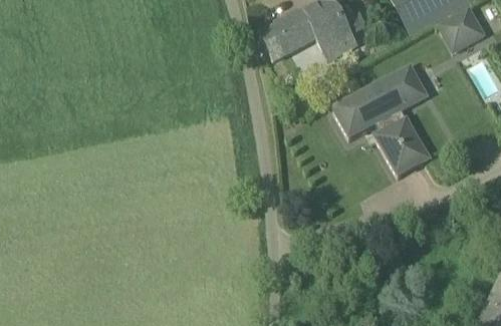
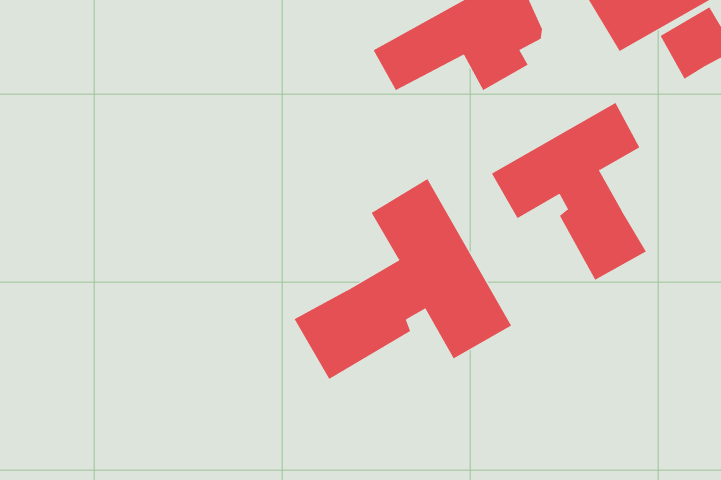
building: none -> [294,178,512,380]

